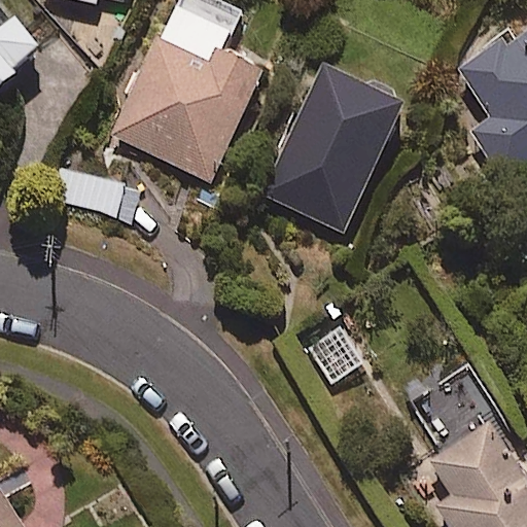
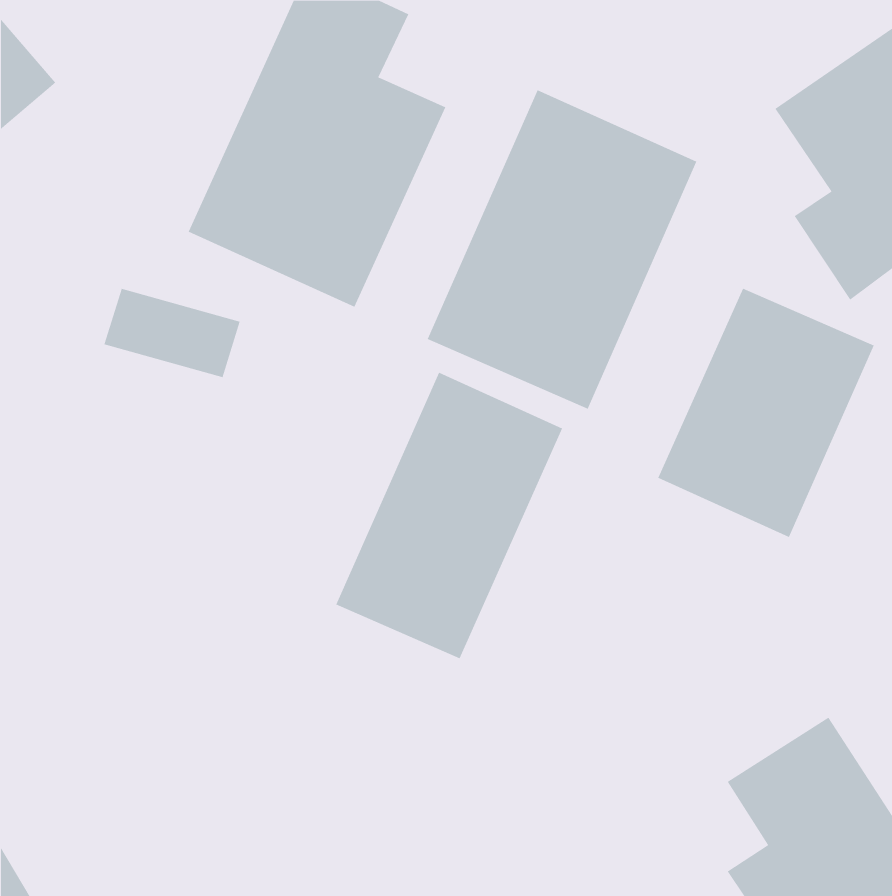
building: none -> [657,288,875,538]
building: none -> [336,372,563,659]

